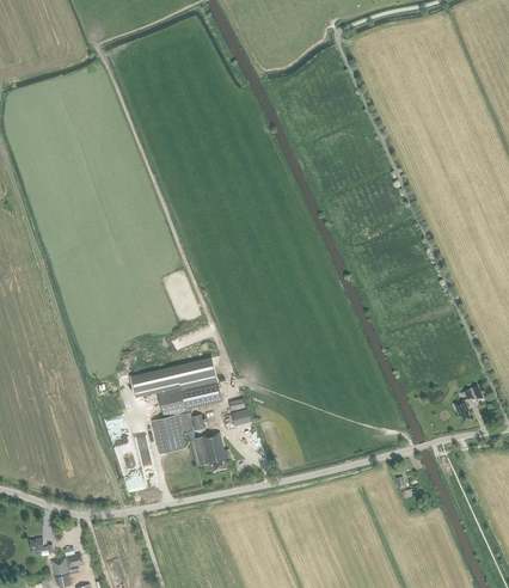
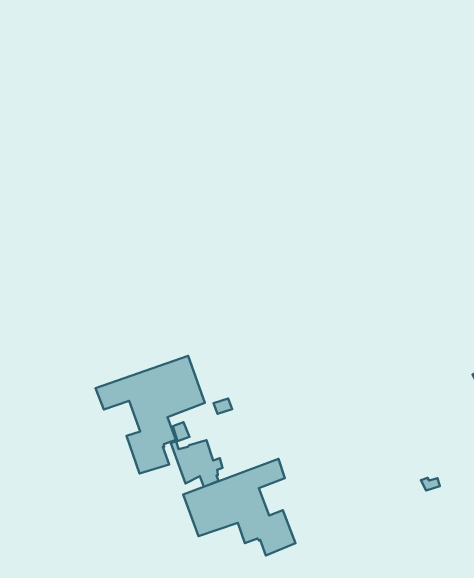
building: none -> [183,459,296,555]

